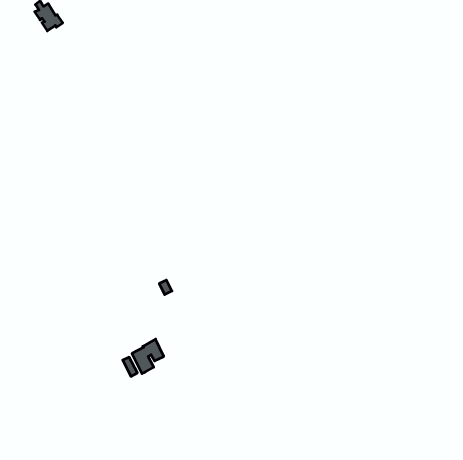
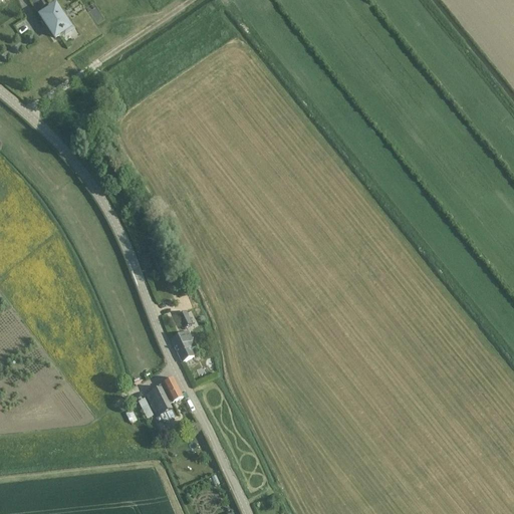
building: none -> [169,328,193,358]

